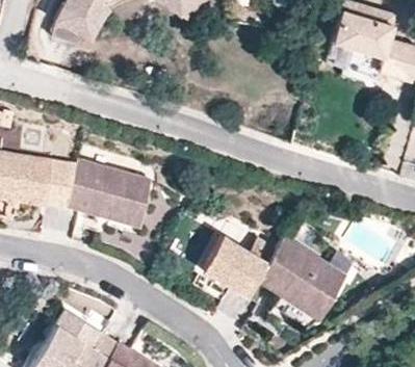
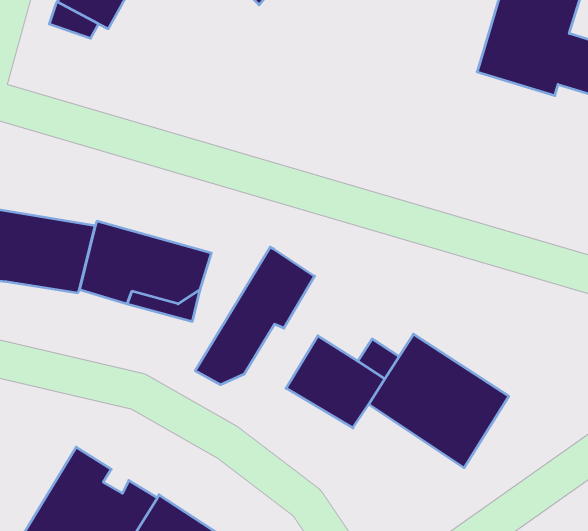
building: none -> [195,247,315,385]

